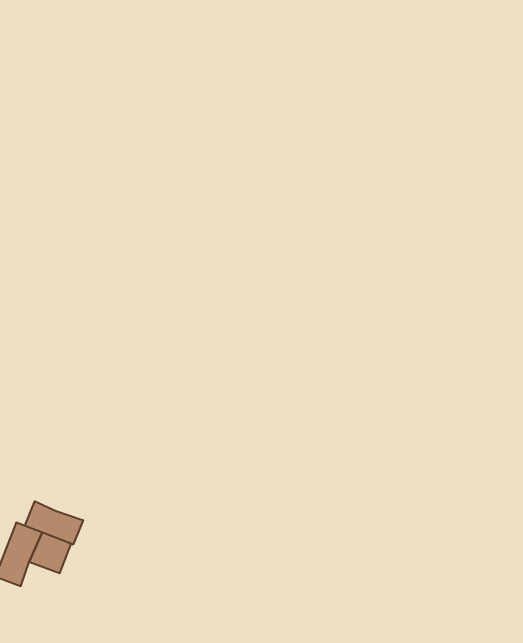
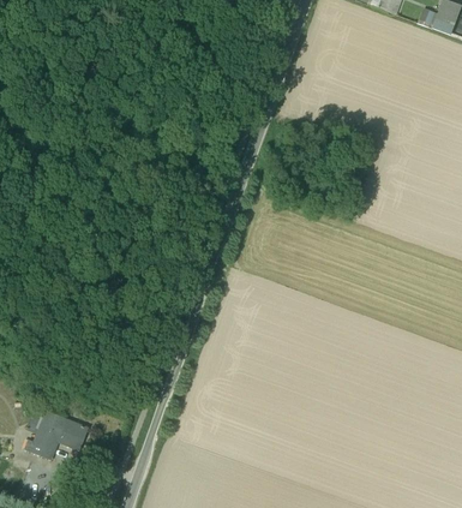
building: [25,501,83,545] -> none

